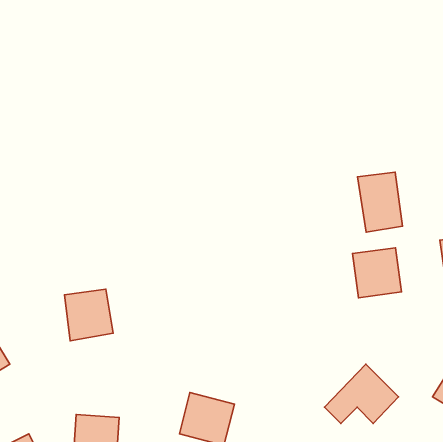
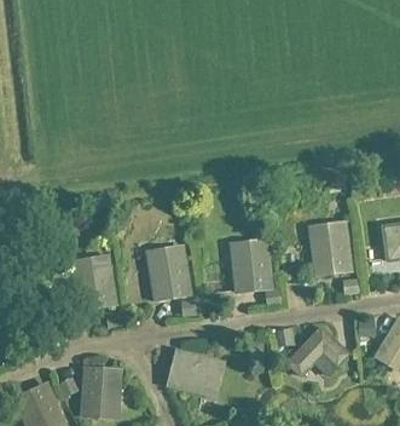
building: [357,172,402,232] -> none
building: none -> [231,249,269,290]
building: none -> [147,255,189,298]

